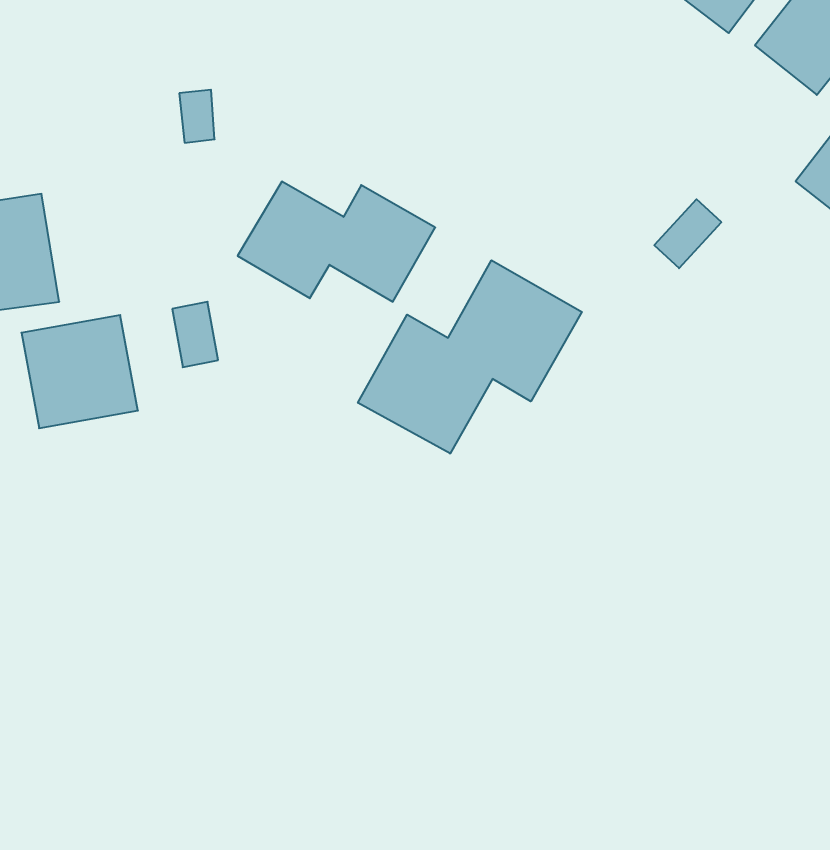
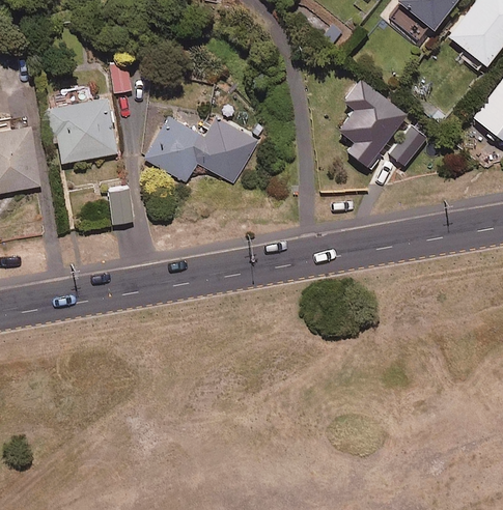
building: none -> [339,80,407,166]
building: [358,260,582,454] -> none
building: [21,315,138,428] -> [49,97,117,164]

